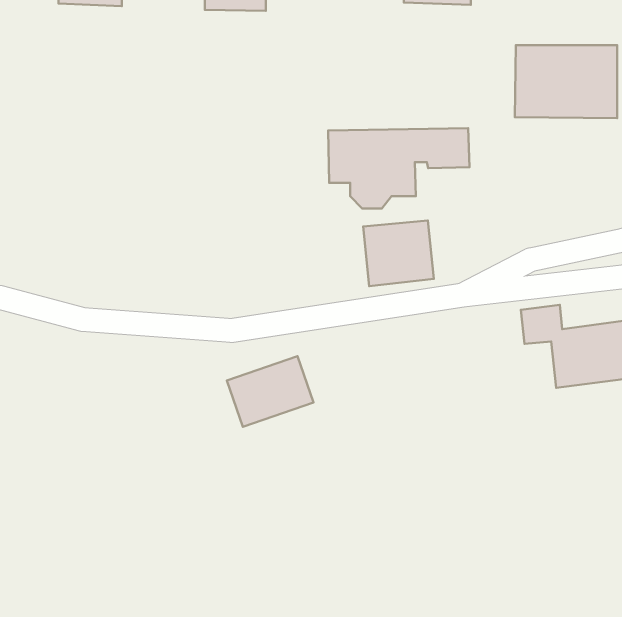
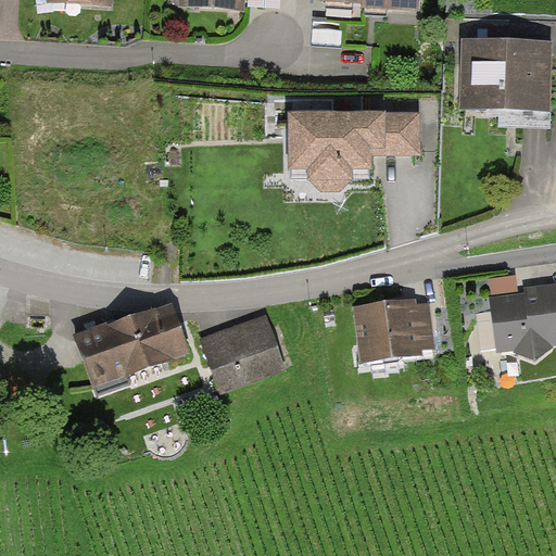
building: [363,220,434,286] -> [354,299,417,357]
building: none -> [73,304,184,381]

